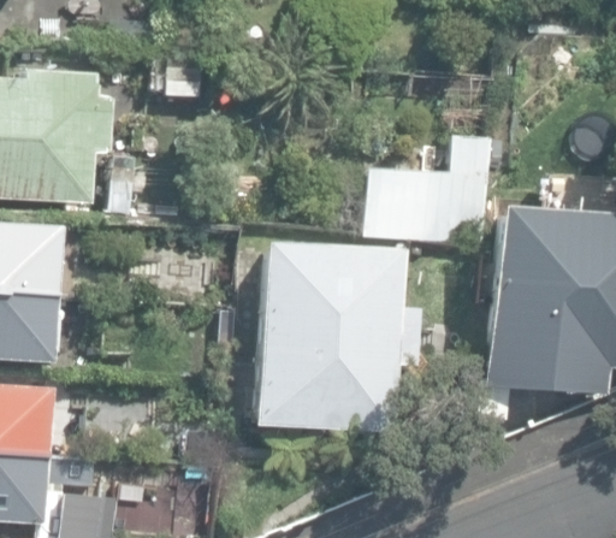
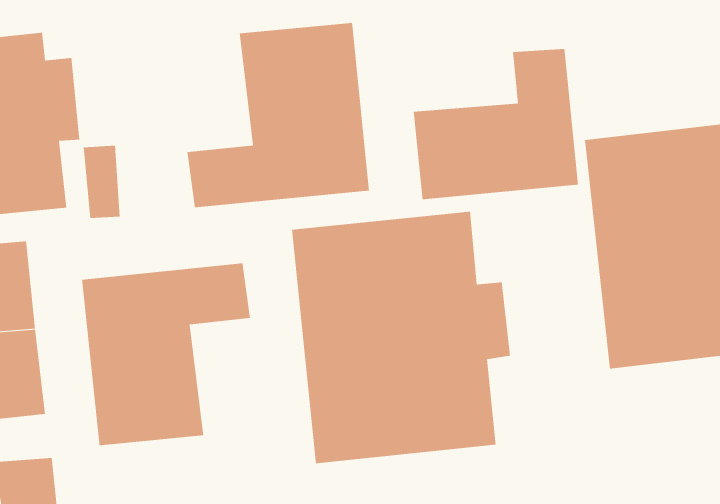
building: none -> [187,22,370,208]
building: none -> [81,263,251,446]

